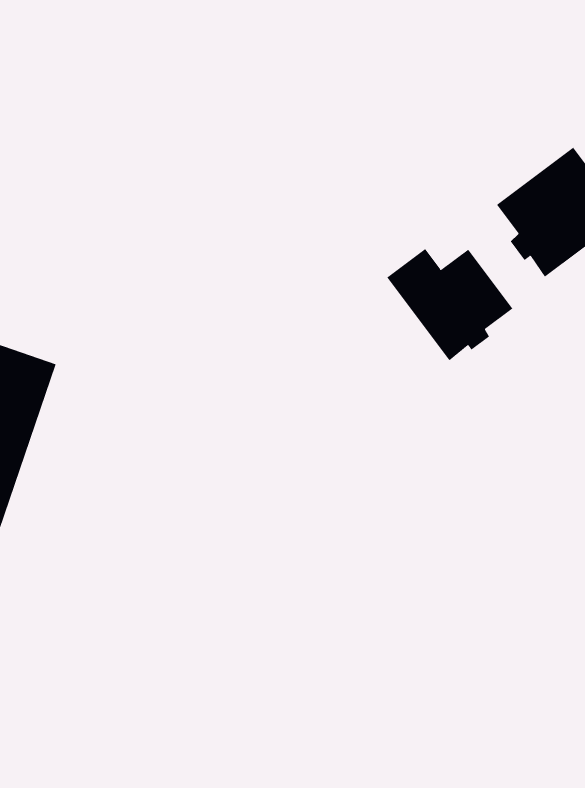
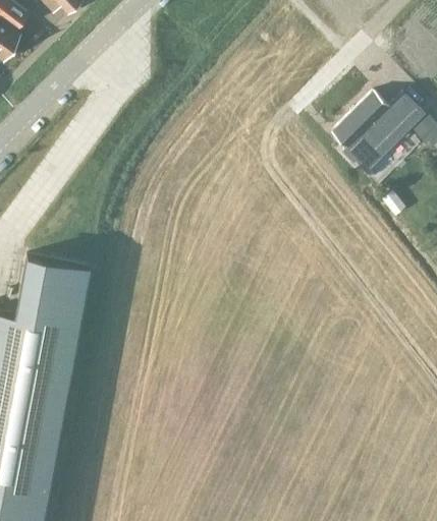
building: [387,248,513,361] -> none

